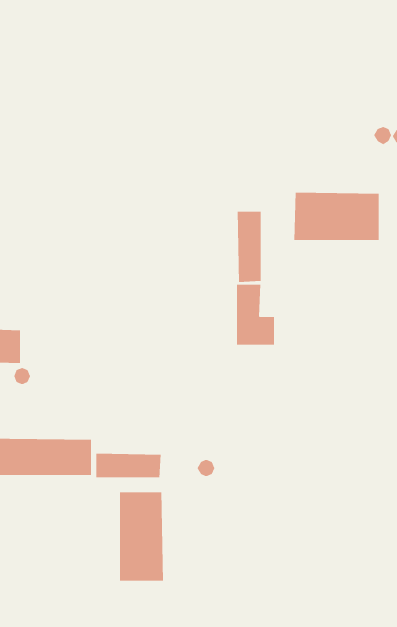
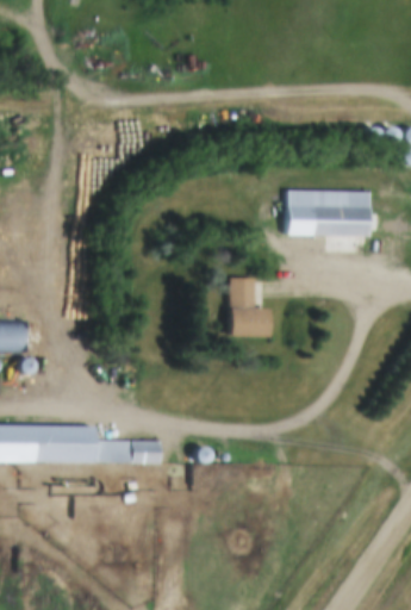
building: [237,211,261,283] -> none
building: [119,492,163,581] -> none

